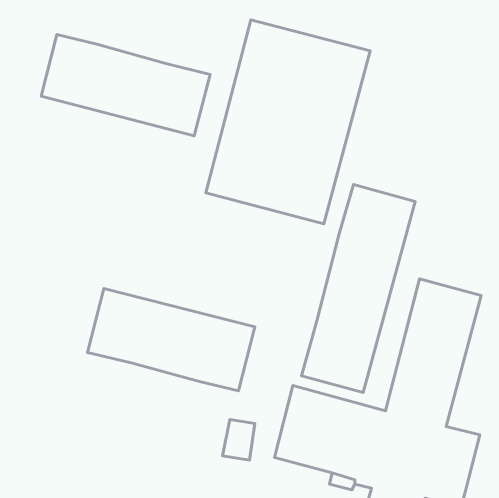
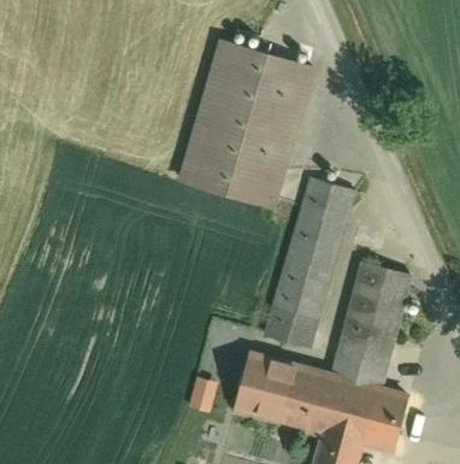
building: [41,35,210,136] -> none
building: [87,288,255,391] -> none

